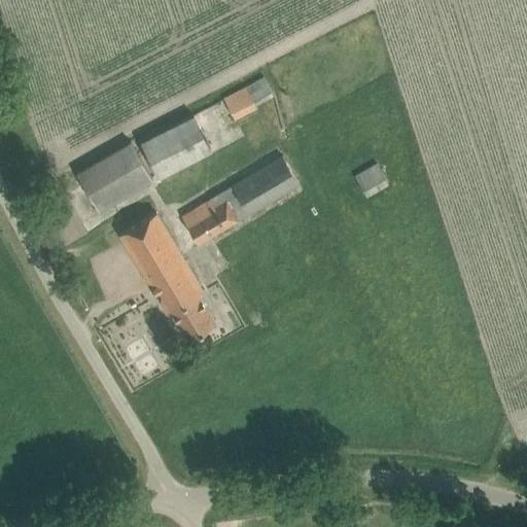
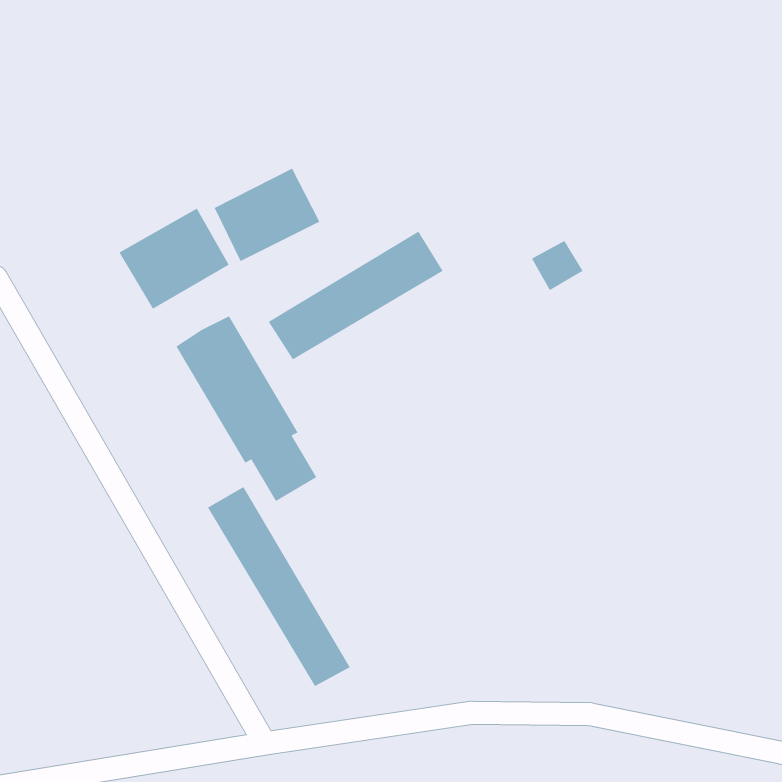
building: [224,77,275,121] -> none
building: none -> [207,486,351,687]

